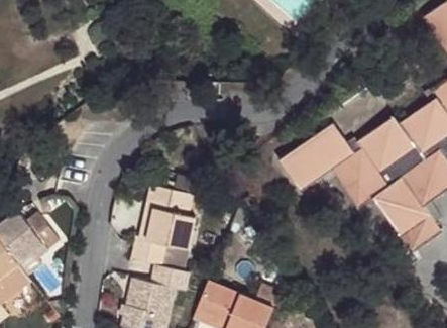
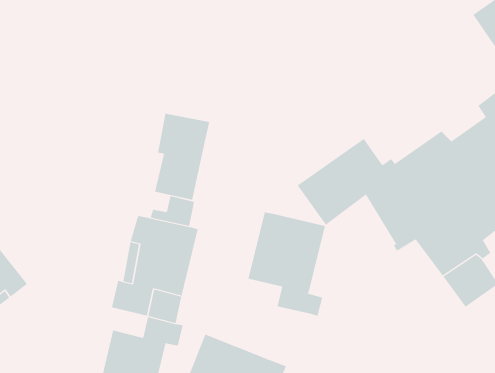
building: none -> [154,113,210,200]
building: none -> [248,211,326,317]

